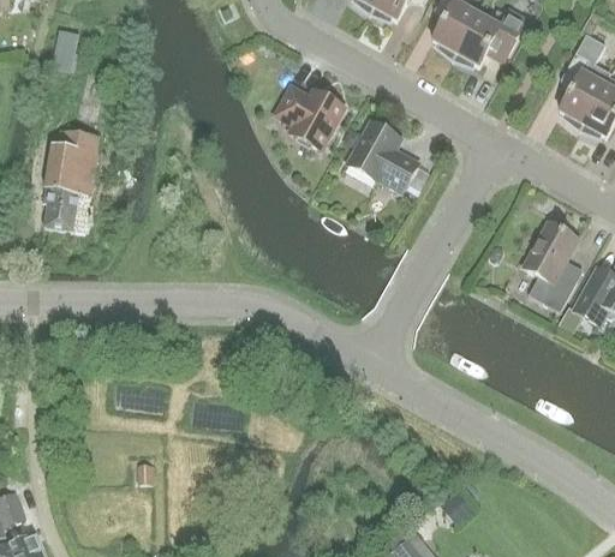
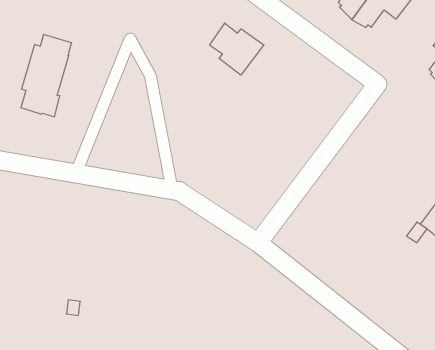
building: [347,120,418,191] -> none
building: [523,221,578,311] -> none

